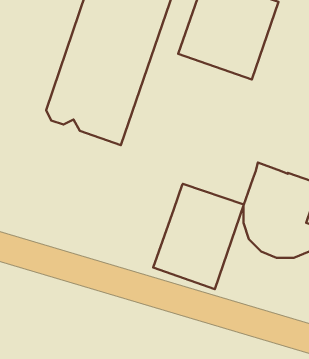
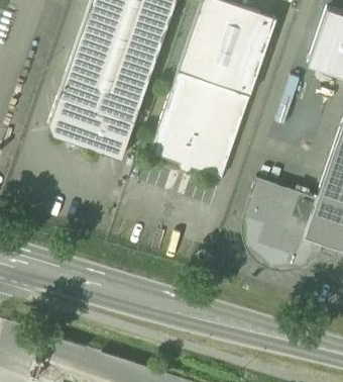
building: none -> [149,71,250,180]
building: [153,184,244,289] -> none

